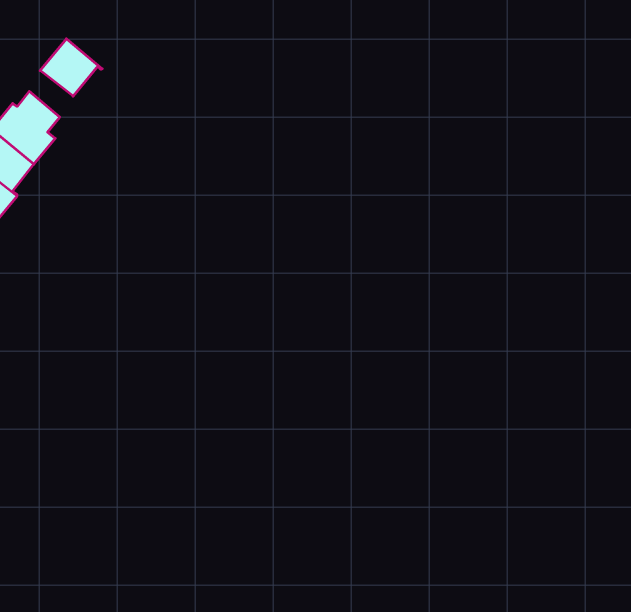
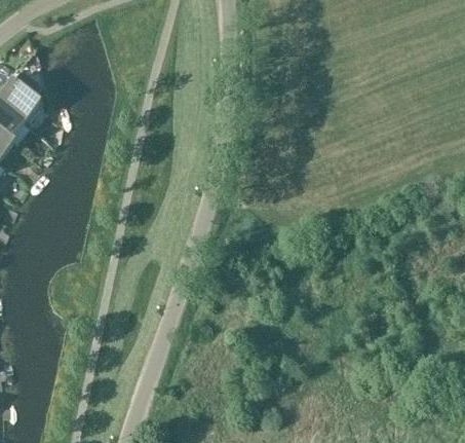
building: [40,39,102,96] -> none

